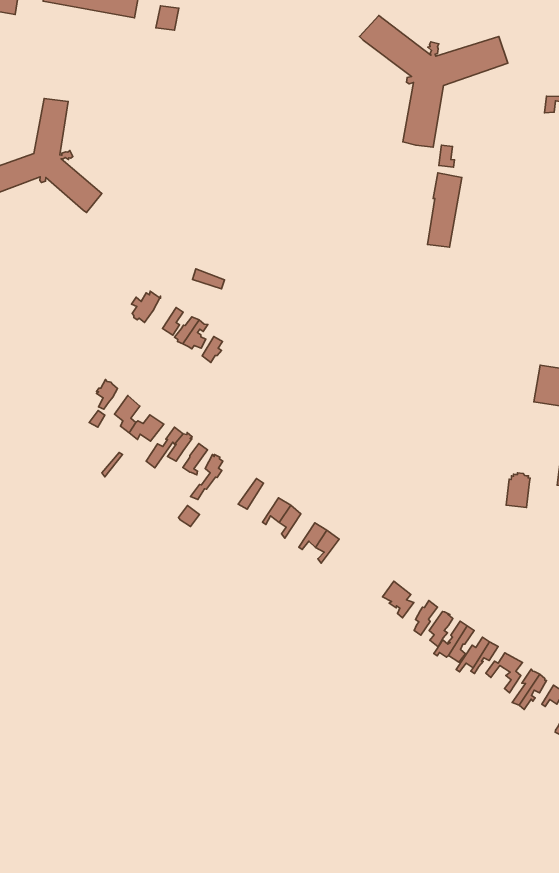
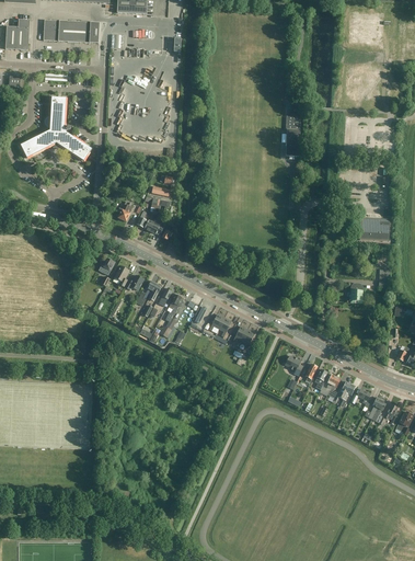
building: [359,15,508,147] -> none

